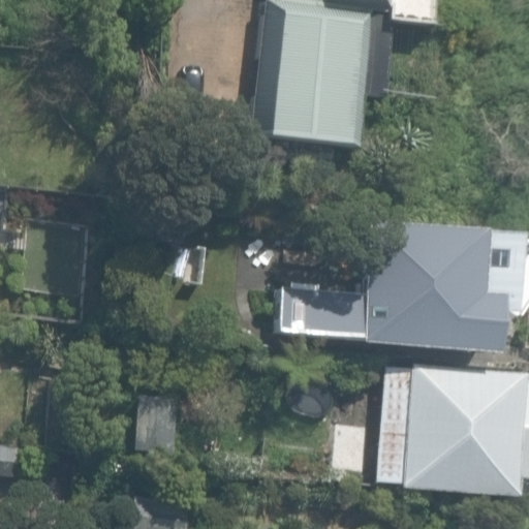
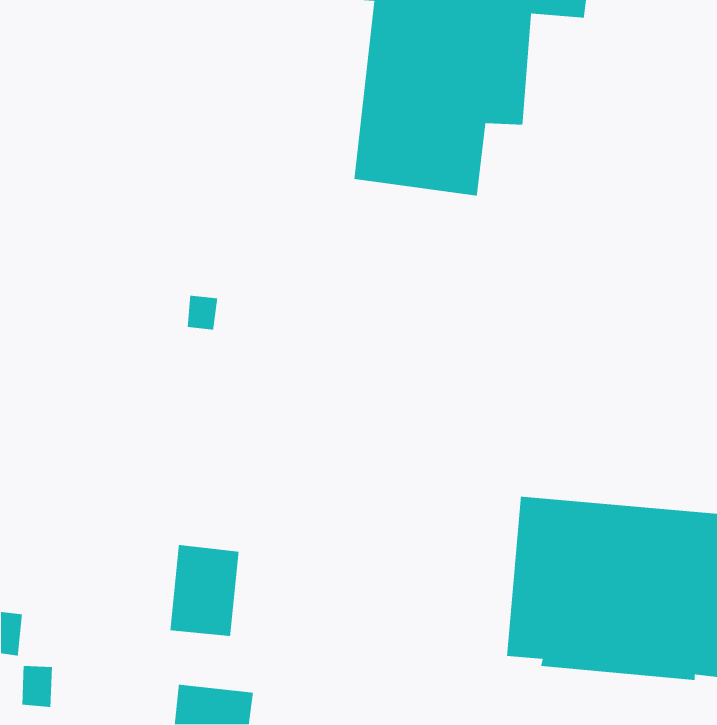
building: [280,222,519,355] -> none

